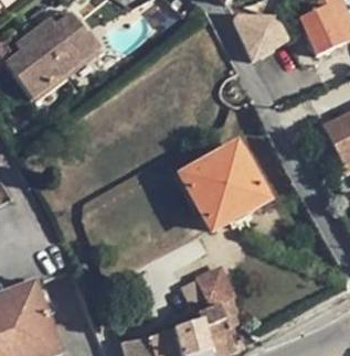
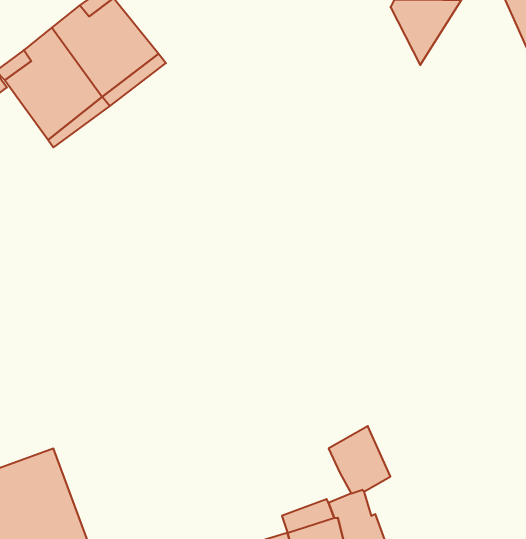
building: [181,144,264,227] -> none

